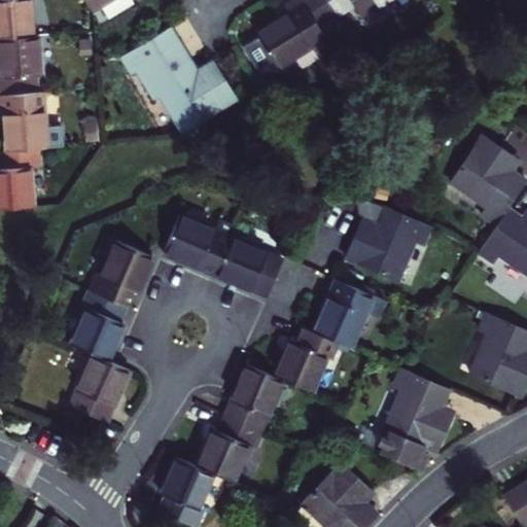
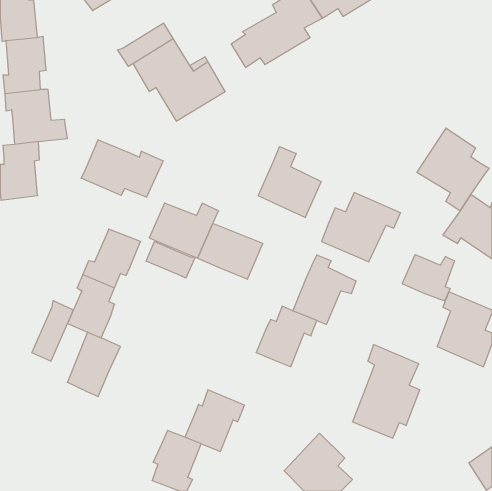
building: none -> [81,140,163,197]
building: none -> [258,147,321,218]
building: none -> [146,242,195,278]
building: none -> [402,255,455,301]
building: none -> [32,301,73,361]
building: [222,364,283,433] -> none

